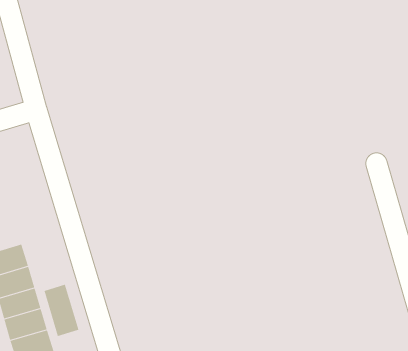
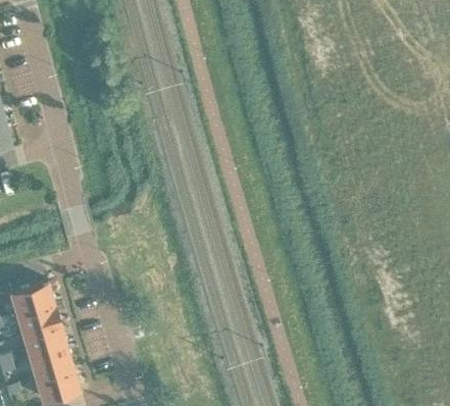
building: [44,284,79,337] -> none

